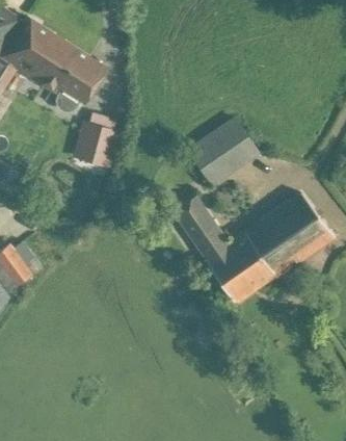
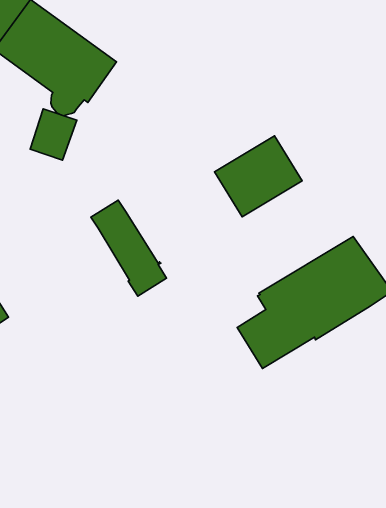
building: [80,125,115,164] -> [30,109,77,160]
building: [174,198,236,273] -> [91,200,166,296]

